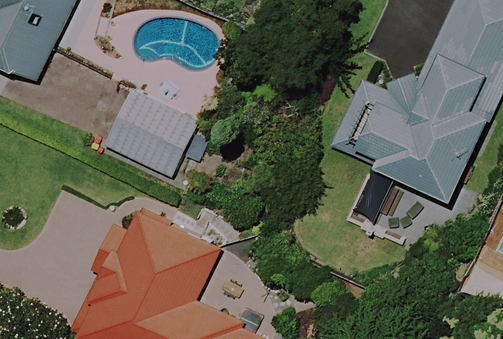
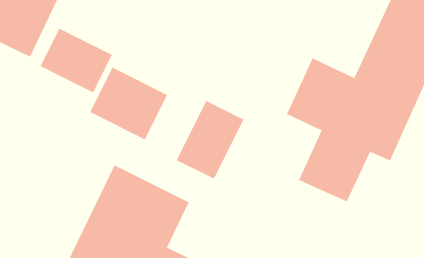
building: none -> [40,28,113,93]
building: none -> [176,100,244,180]

